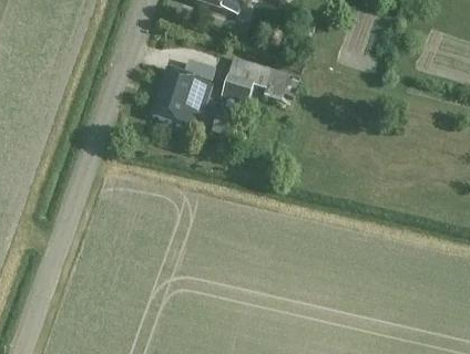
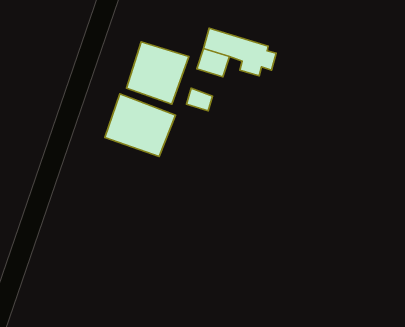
building: none -> [105,94,175,156]

